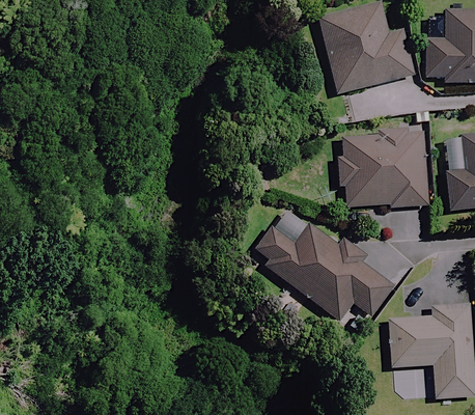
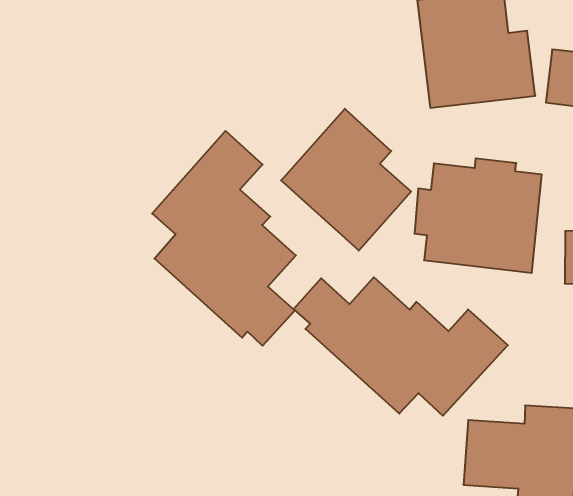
building: none -> [281,109,411,251]
building: none -> [152,131,296,346]

